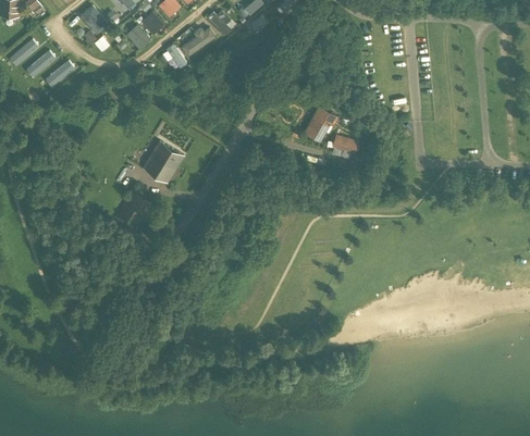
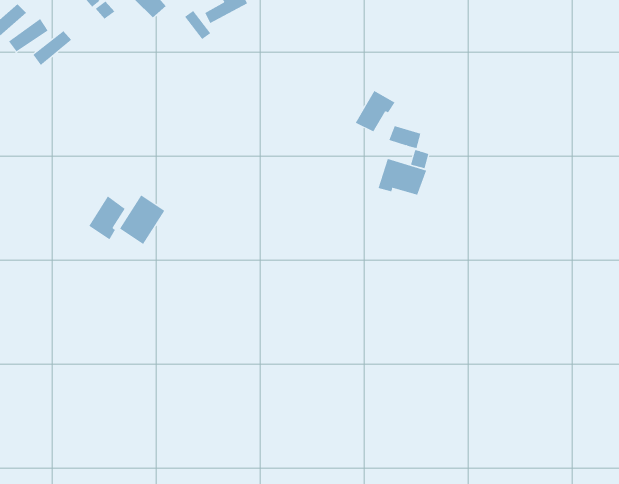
building: [140,141,183,184] -> none
building: none -> [378,158,427,196]
building: none -> [88,196,125,240]

